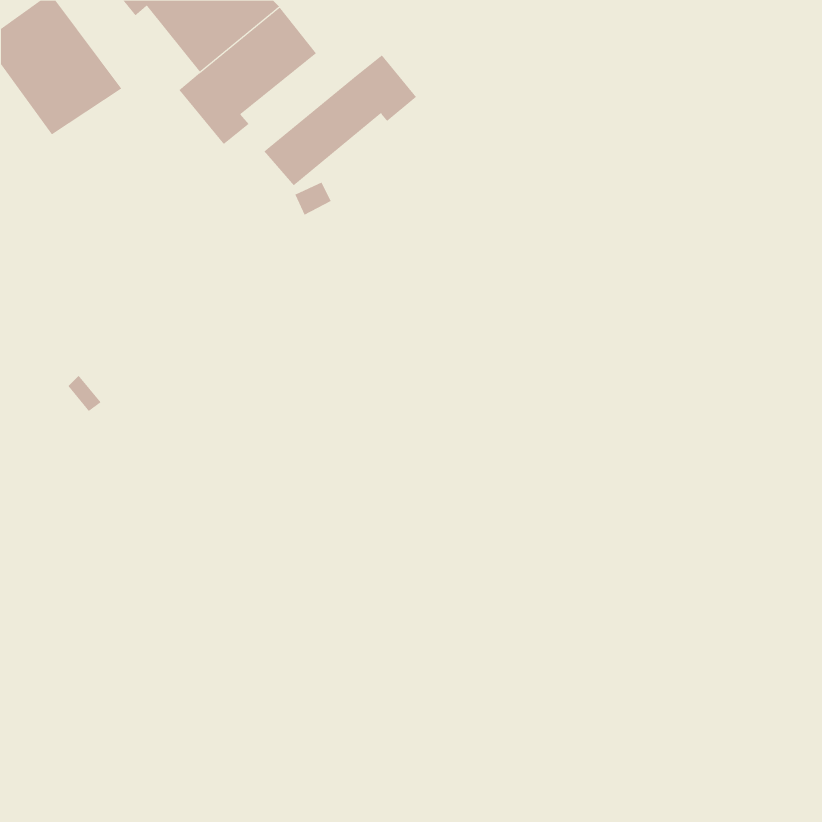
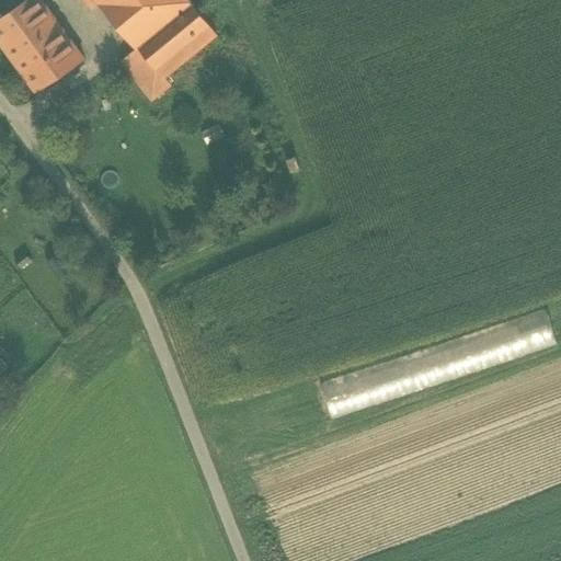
building: [263,54,417,186] -> none

